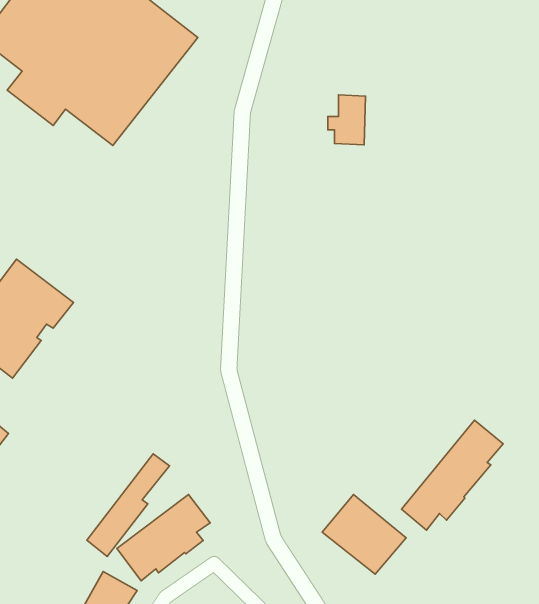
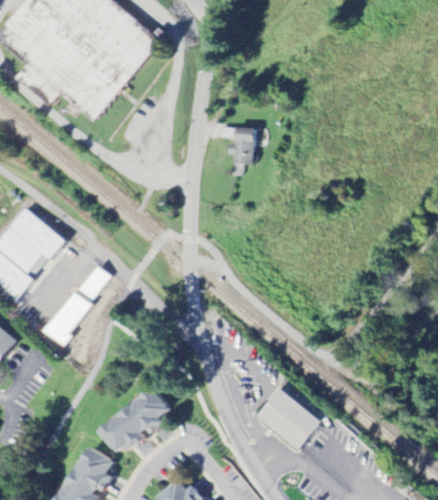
building: [328,95,366,145] -> [223,127,251,165]
building: [401,420,503,530] -> none
building: [87,454,169,556] -> [44,266,107,344]

